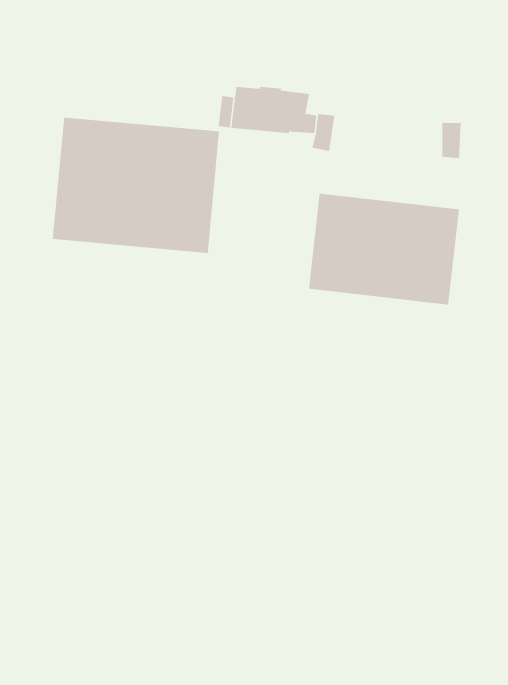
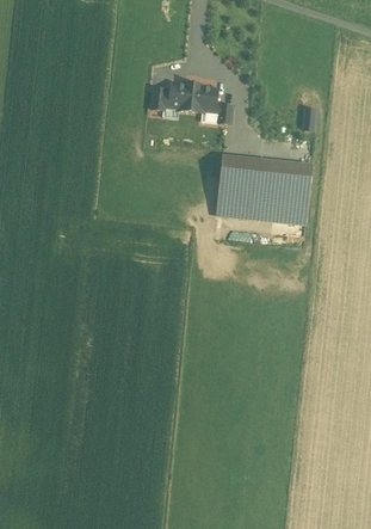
building: [52,117,220,254] -> none

